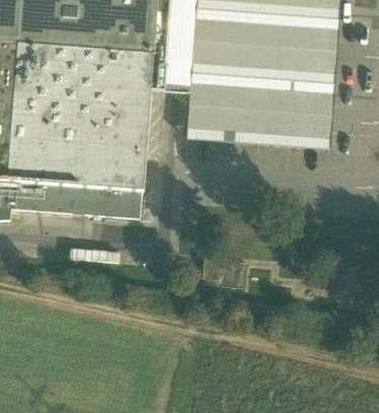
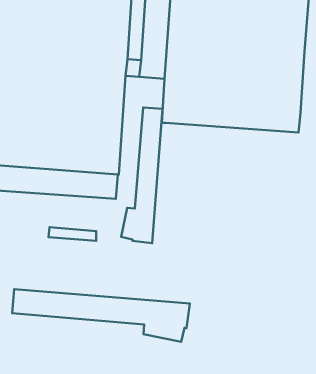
building: none -> [121,107,163,243]
building: none -> [12,289,190,342]

